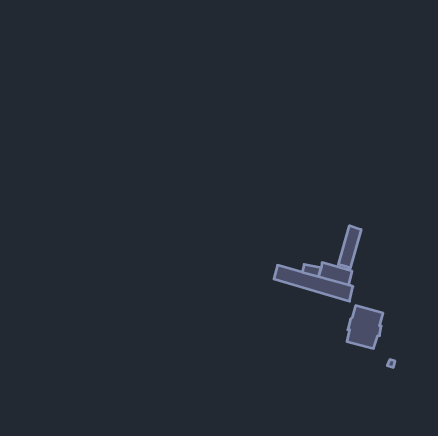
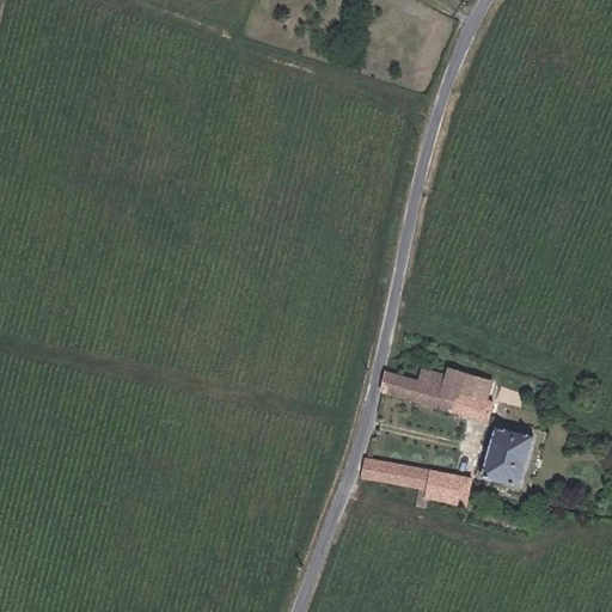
building: [338,226,361,268] -> none
building: none -> [361,458,471,507]

